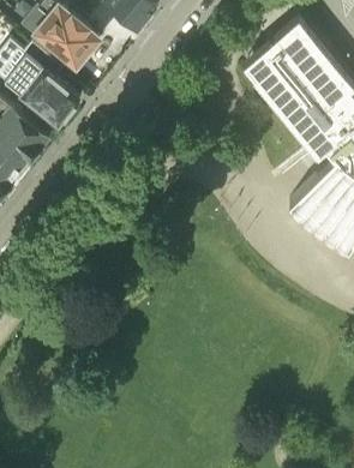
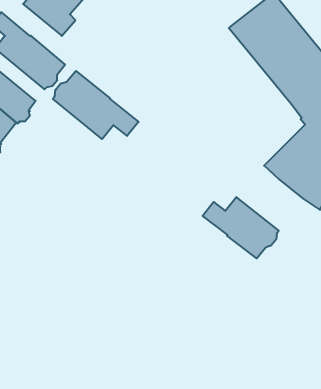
building: none -> [53,71,139,139]
building: none -> [203,197,279,258]

